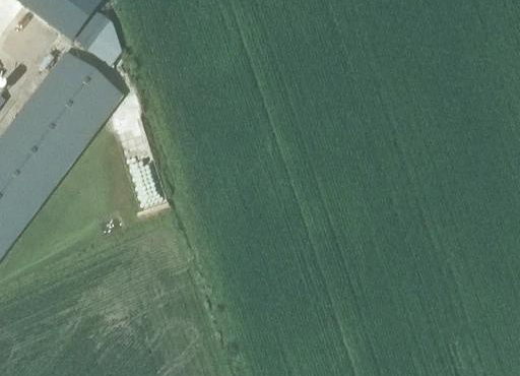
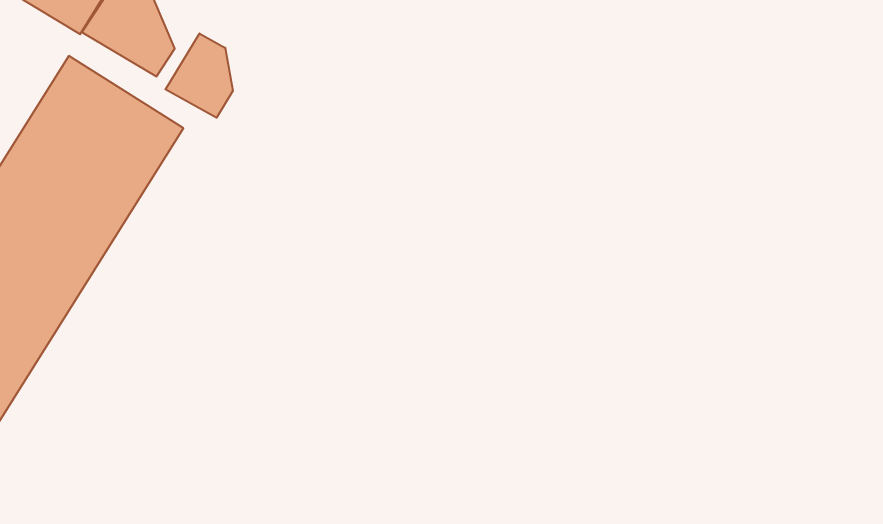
building: none -> [165,33,233,118]

